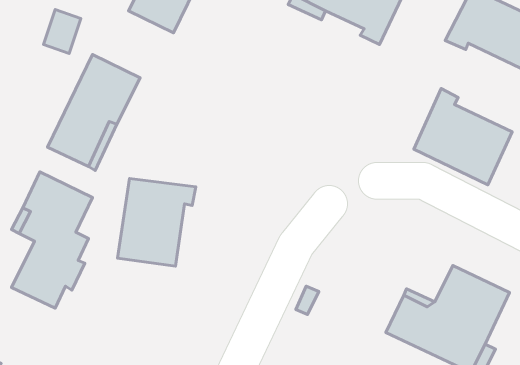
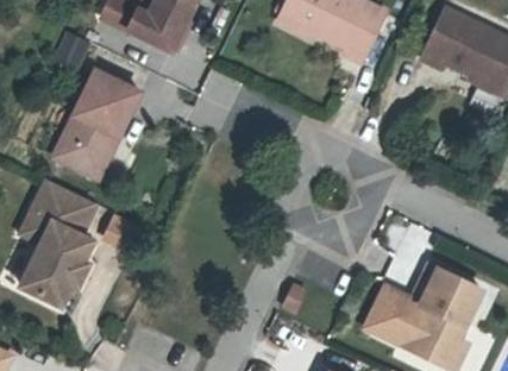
building: [414,88,512,185] -> none
building: [118,178,196,266] -> none

